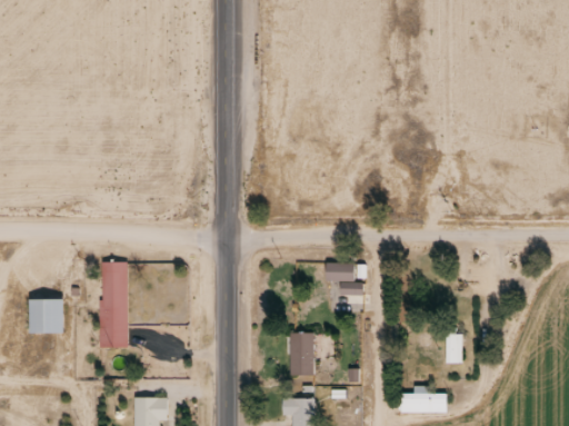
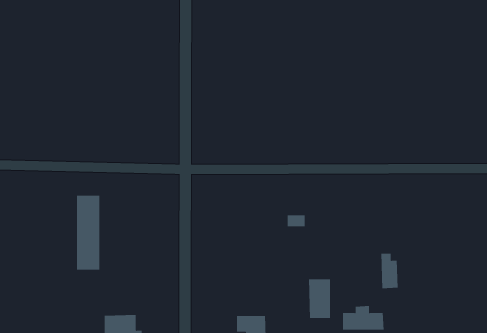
building: [322,257,350,275] -> none
building: [29,298,64,334] -> none
building: [291,333,317,377] -> [308,279,331,318]

